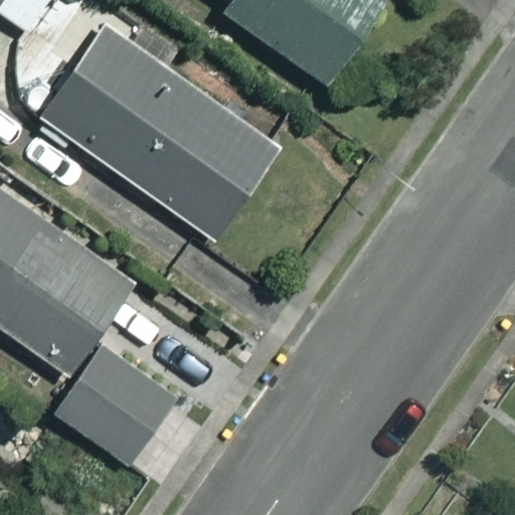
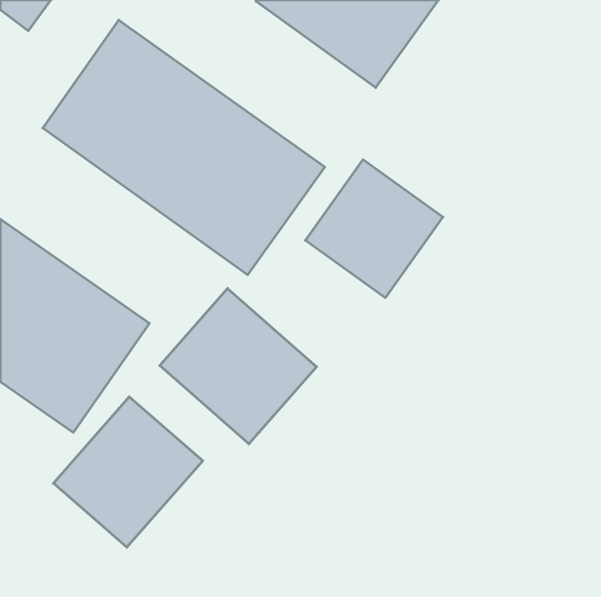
building: none -> [305,160,443,298]
building: none -> [160,288,317,444]

